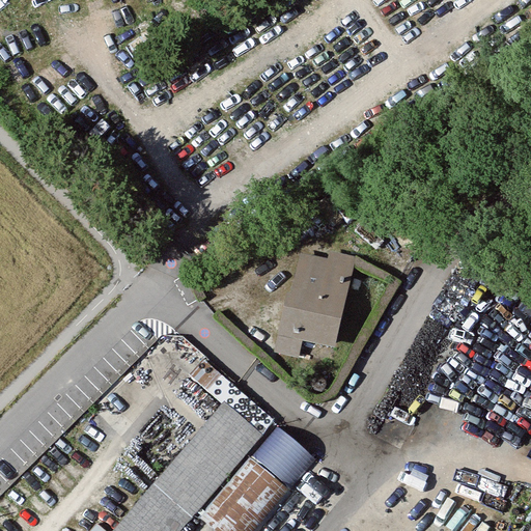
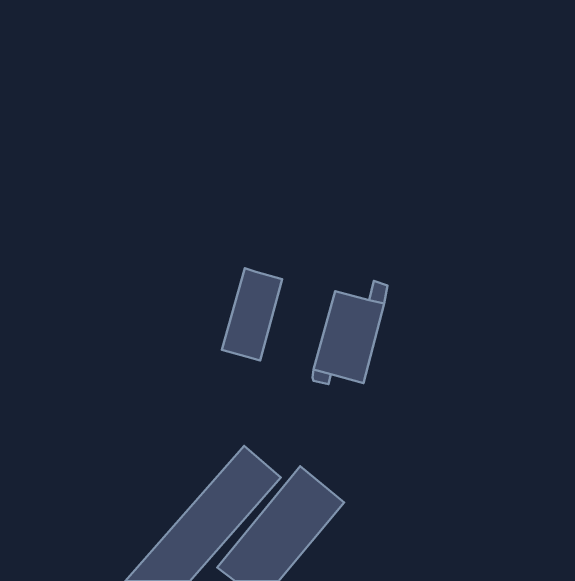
building: none -> [222,268,282,360]

